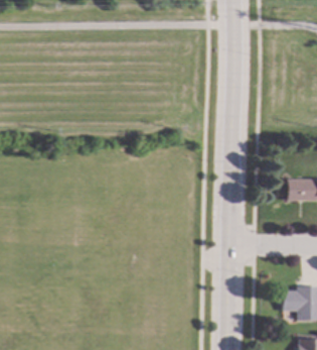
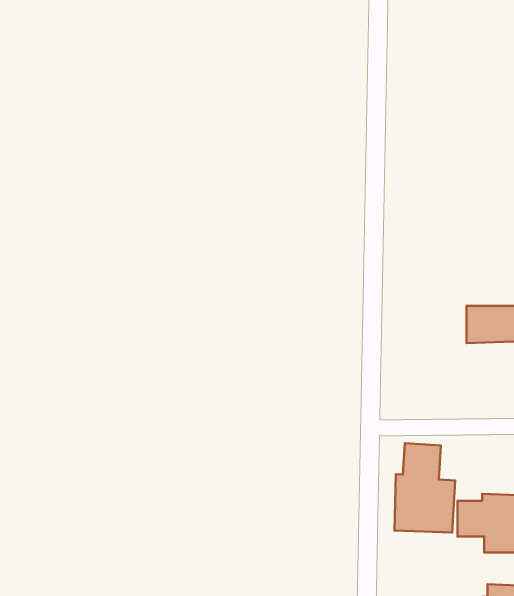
building: none -> [394,443,455,532]

